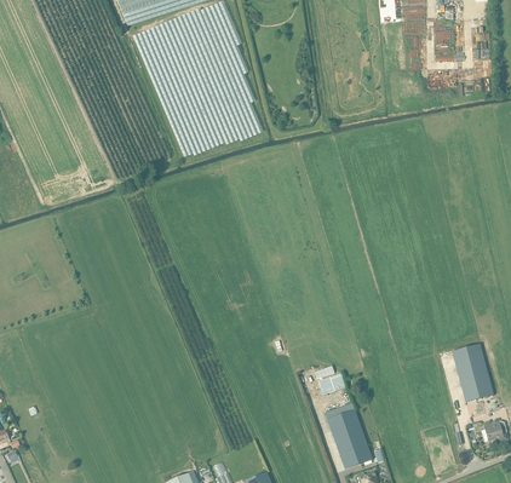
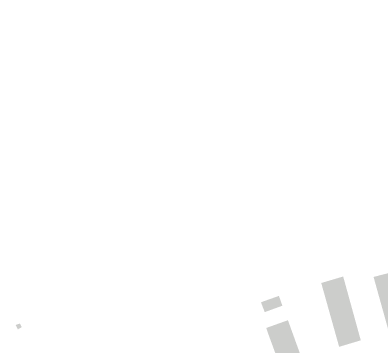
building: none -> [320,276,362,348]

